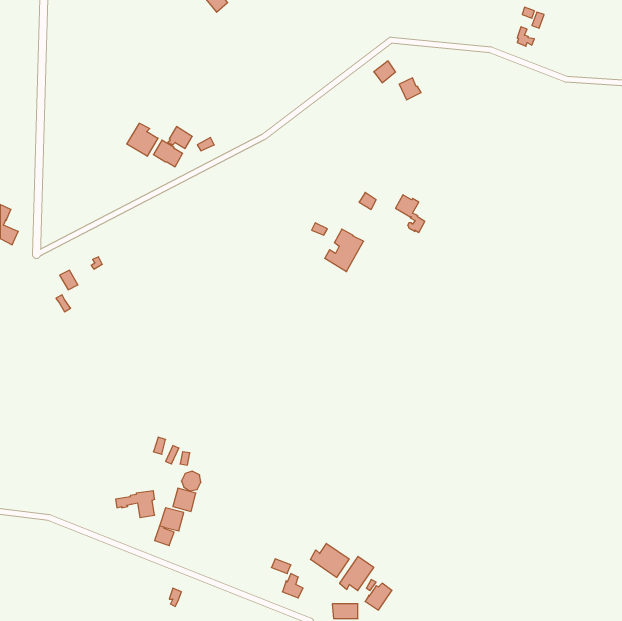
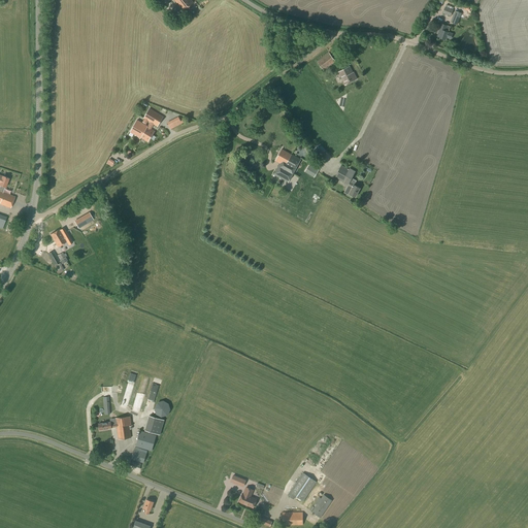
building: [127,123,158,156] -> none
building: [325,229,364,272] -> [267,148,300,185]
building: [310,543,349,577] -> none

